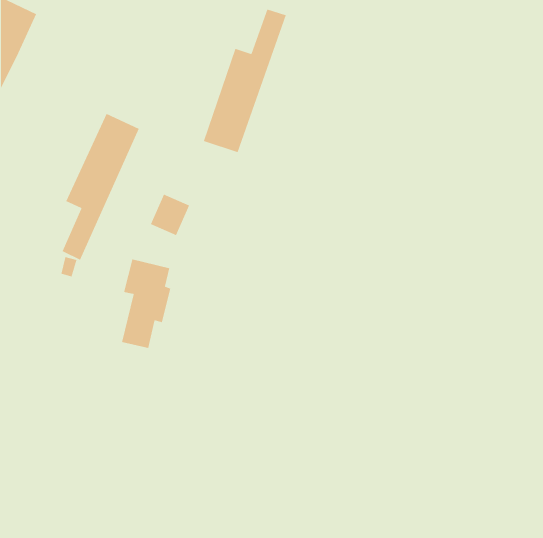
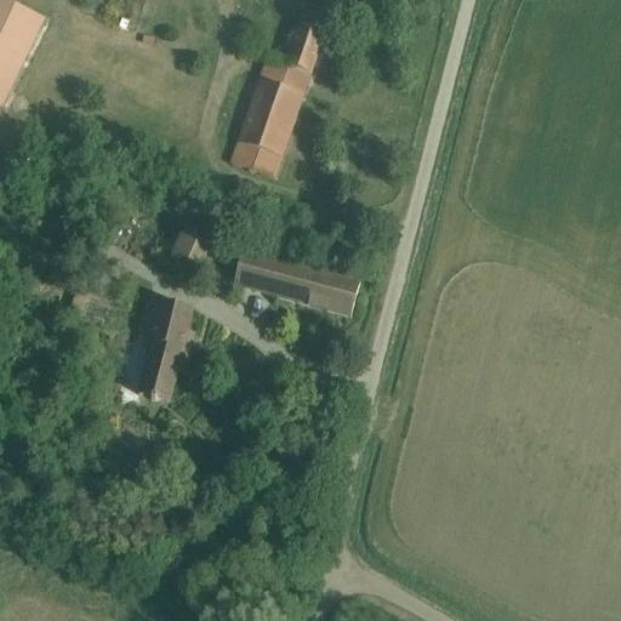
building: [61,113,140,261] -> none
building: none -> [233,247,359,313]

